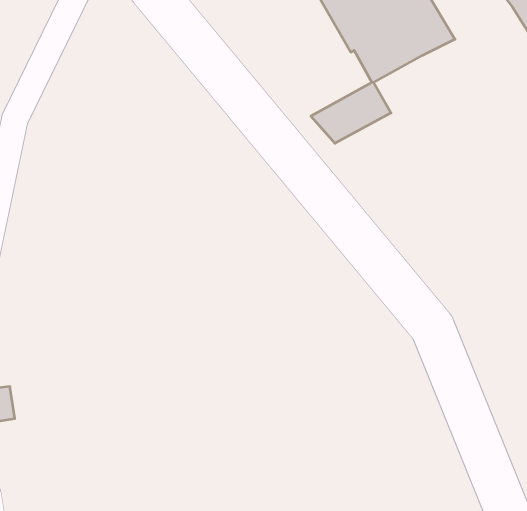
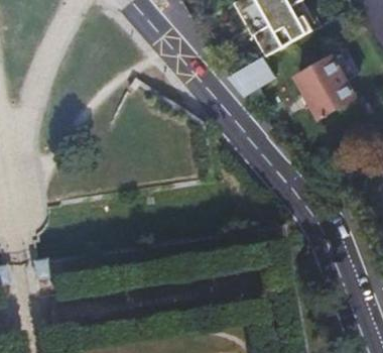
building: none -> [294,54,356,118]

